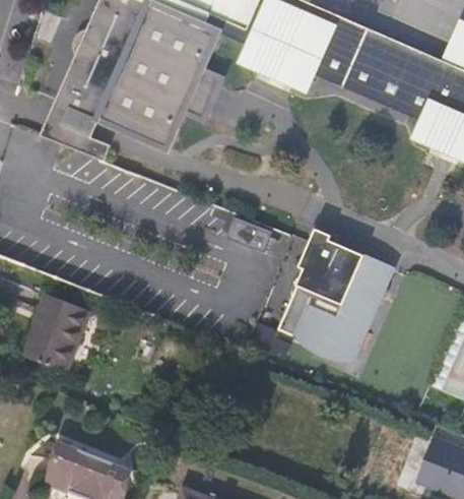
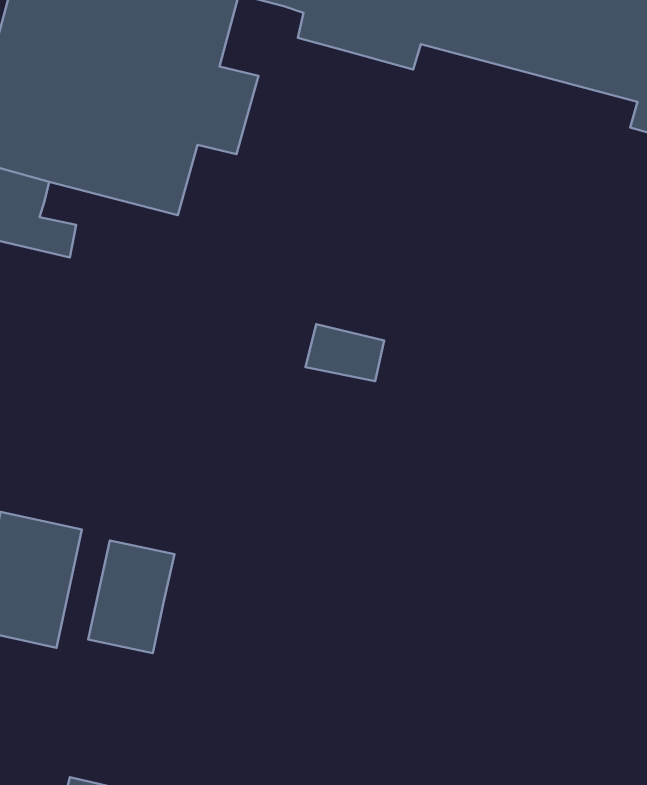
building: [278,230,392,361] -> none
building: none -> [88,541,174,653]

